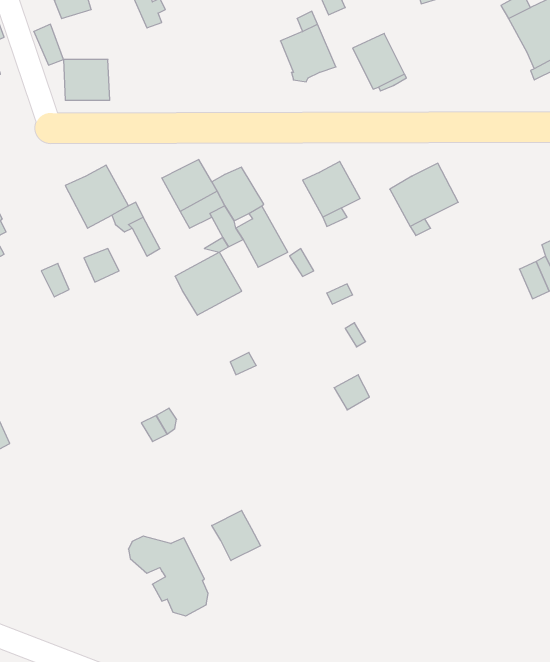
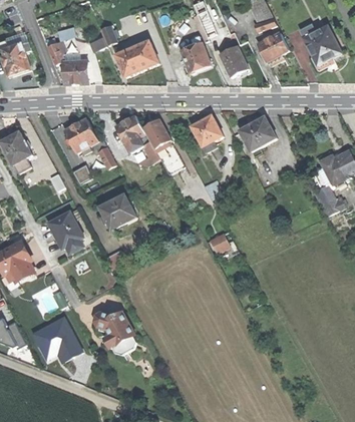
building: none -> [257,33,289,61]
building: none -> [114,40,157,76]
building: [175,252,242,315] -> [99,193,135,228]
building: none -> [47,210,81,253]
building: [212,510,261,561] -> none
building: none -> [33,315,82,358]

